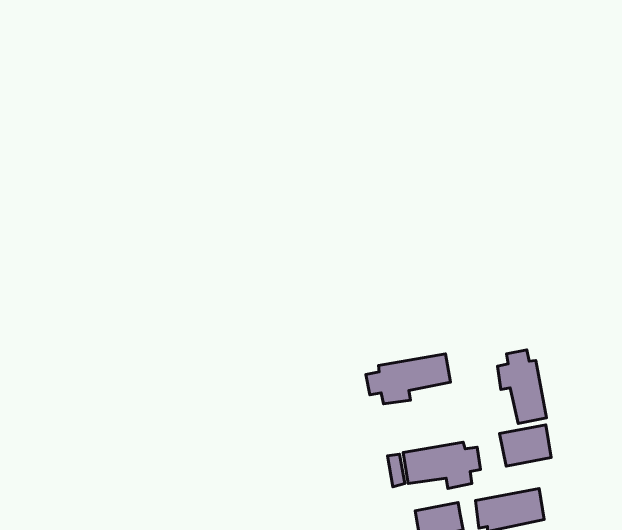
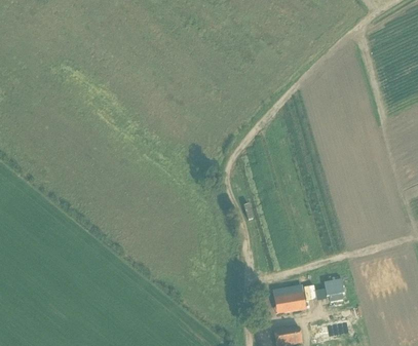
building: [497,350,546,423] -> none
building: [366,354,450,404] -> none

